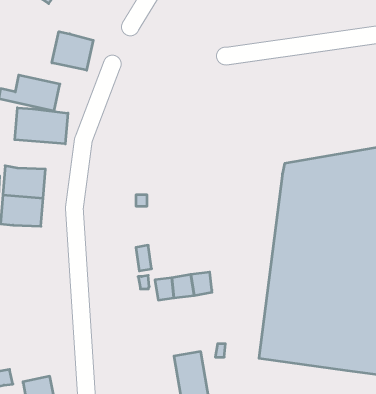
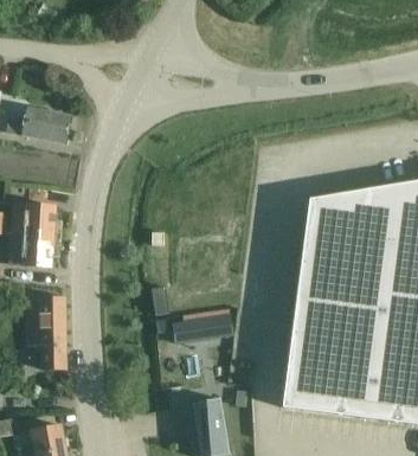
building: [52,32,93,70] -> none
building: [15,108,68,144] -> none
building: none -> [27,294,66,367]

